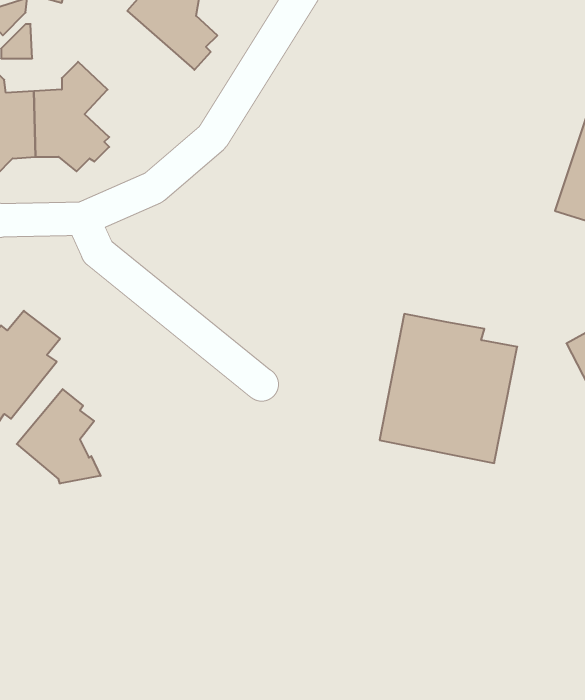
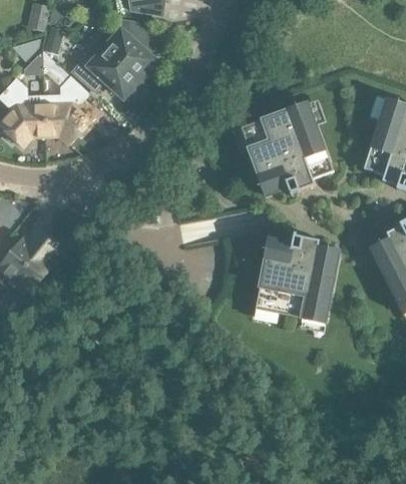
building: none -> [70,45,141,97]
building: none -> [240,102,333,195]
building: [17,389,101,484] -> none

